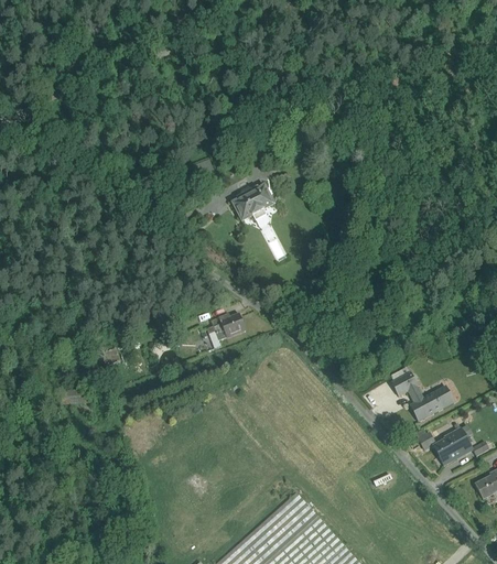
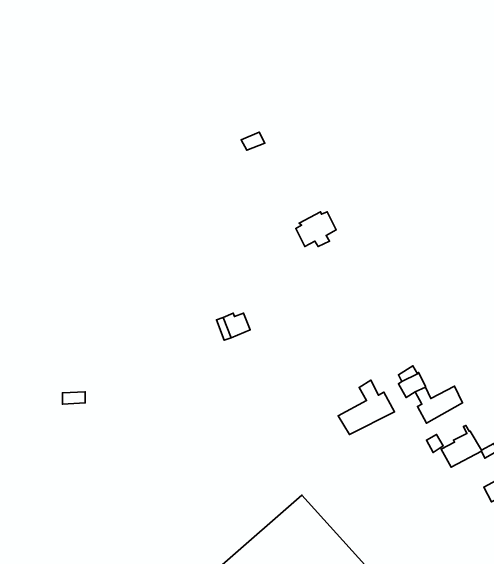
building: [234,186,273,220] -> [296,212,336,247]
building: none -> [338,380,394,435]

